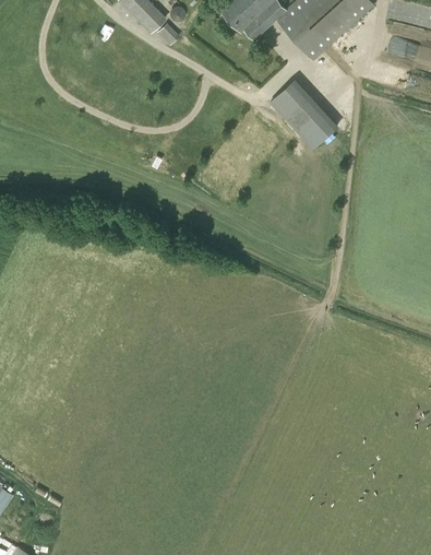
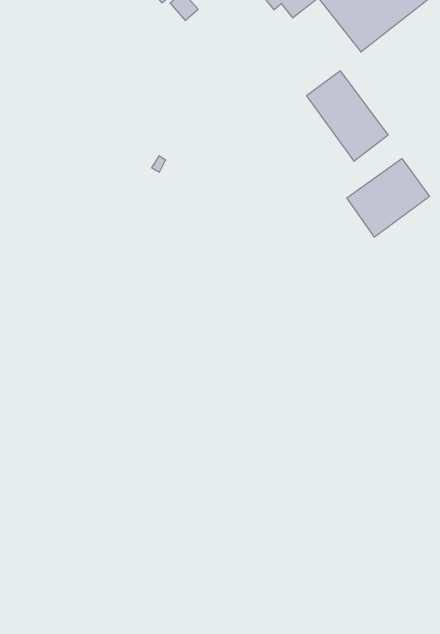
building: none -> [347,159,430,237]

